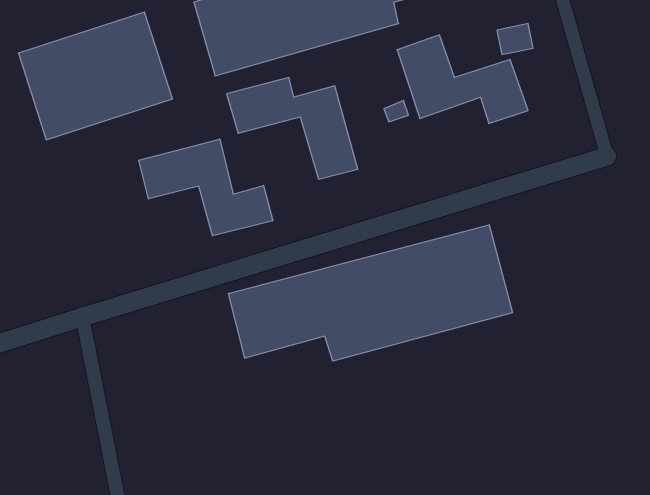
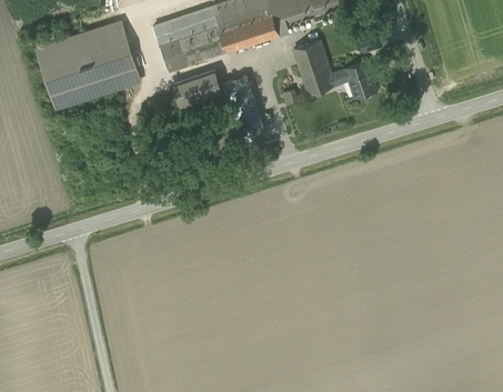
building: [139,139,273,236] -> none
building: [229,225,512,361] -> none

